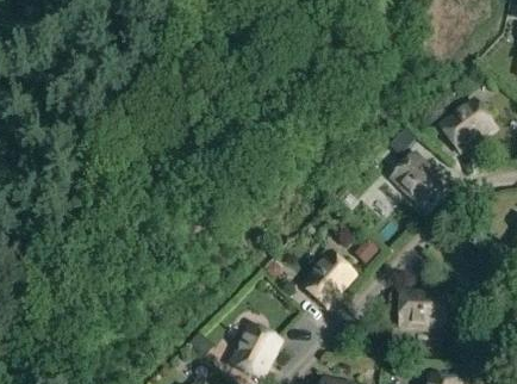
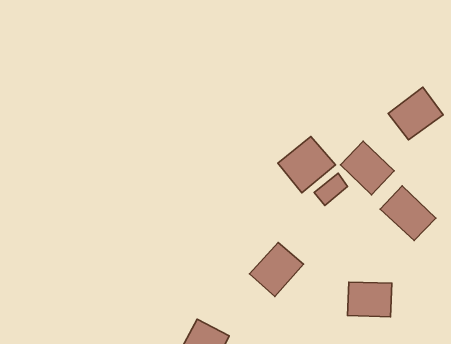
building: none -> [278,137,335,193]
building: none -> [380,186,436,241]

